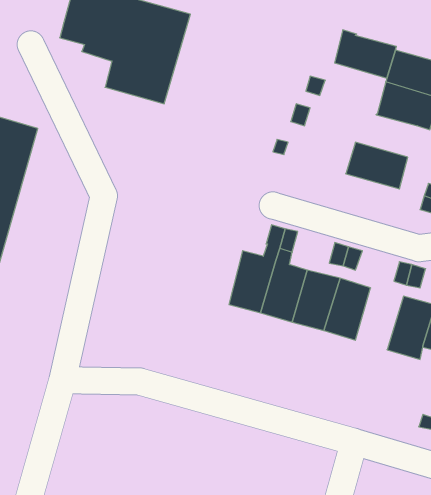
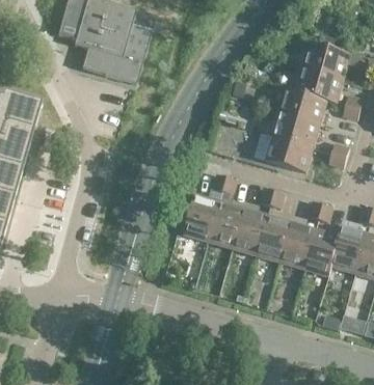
building: [335,30,396,78] -> [280,87,327,123]
building: none -> [266,136,314,172]
building: none -> [280,222,317,269]

